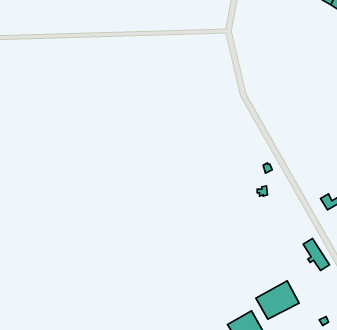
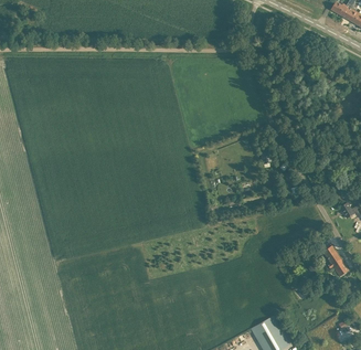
building: [256,281,299,319] -> none

